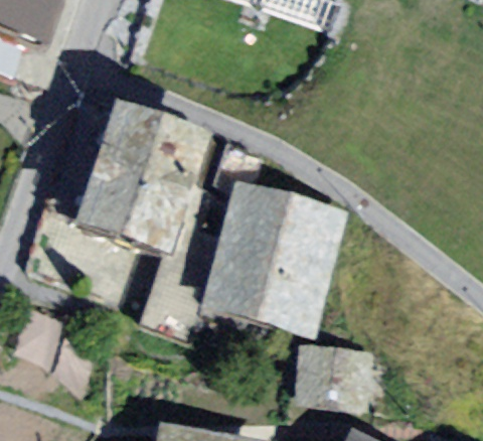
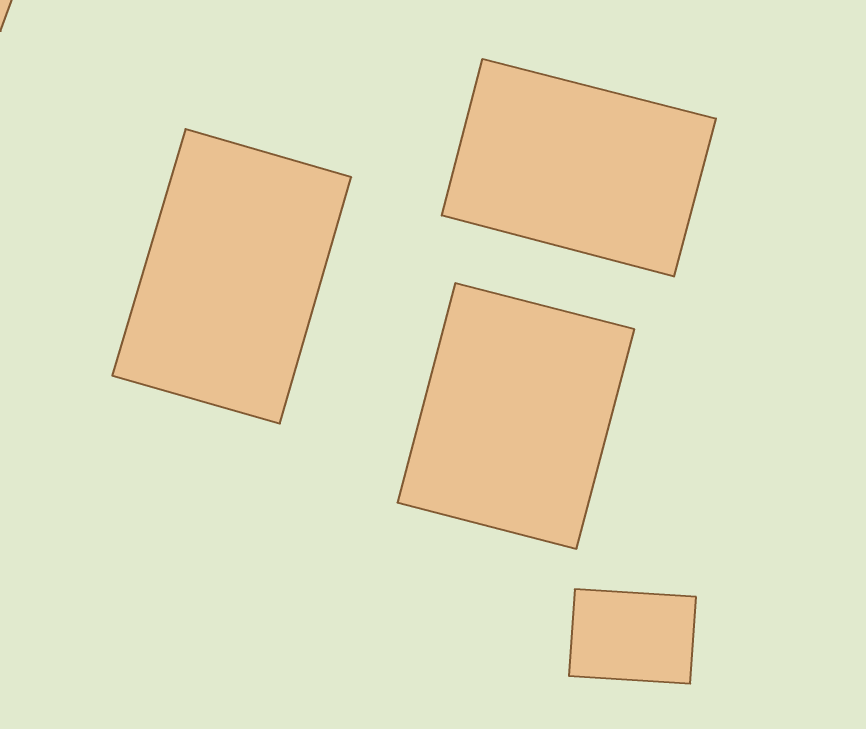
building: none -> [442,59,716,277]

